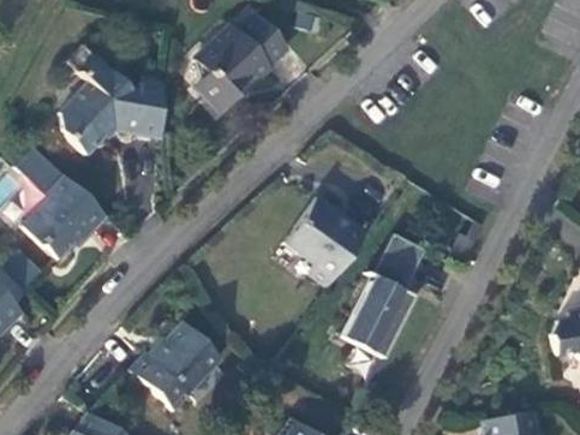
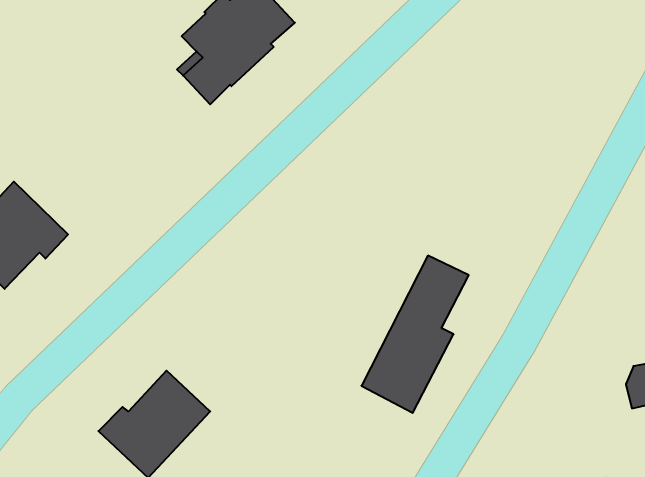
building: [61,44,166,155] -> none
building: [287,196,369,286] -> none

